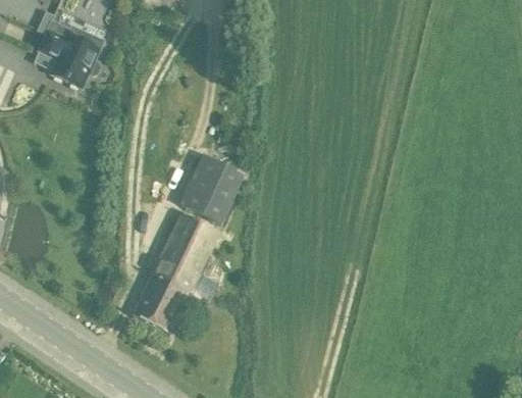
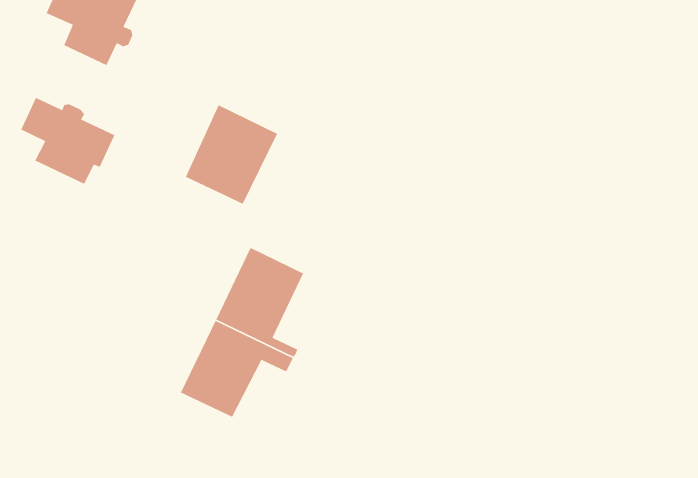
building: none -> [20,97,116,185]
building: [179,152,245,222] -> [185,104,278,205]

